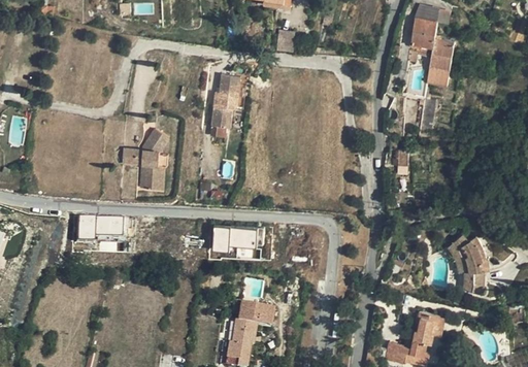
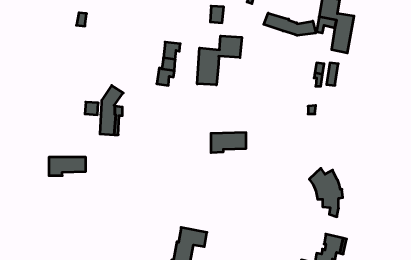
building: none -> [264,13,316,35]
building: none -> [197,36,242,85]
building: [211,229,255,254] -> [211,133,246,153]
building: [448,234,489,294] -> [309,168,343,217]

